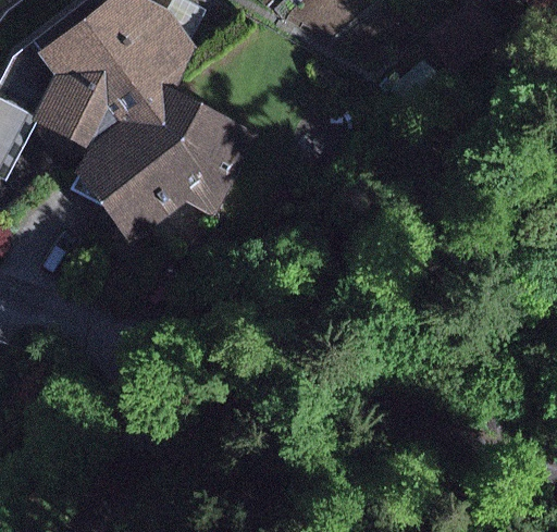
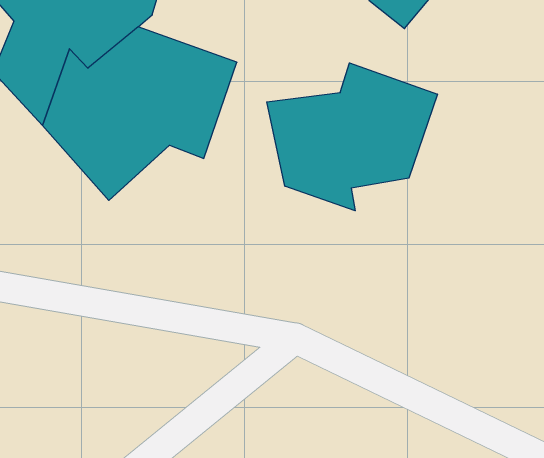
building: none -> [267,63,437,211]

